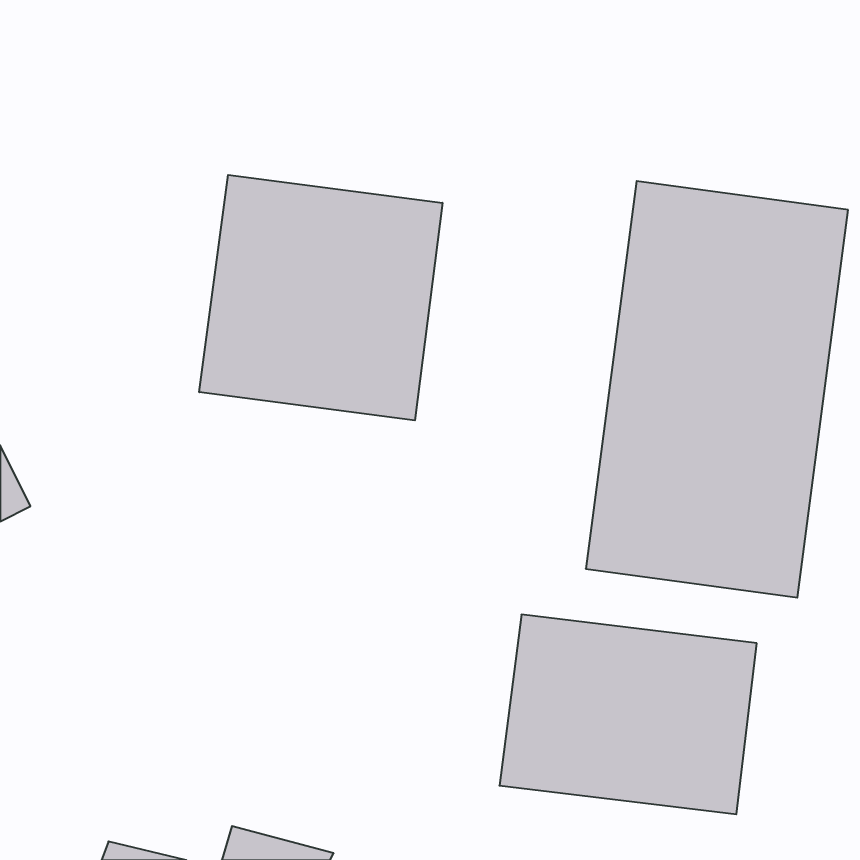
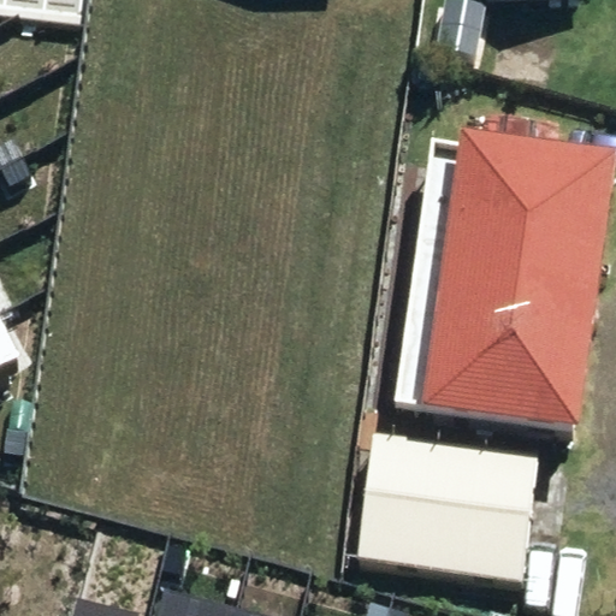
building: [199,175,442,420] -> none

